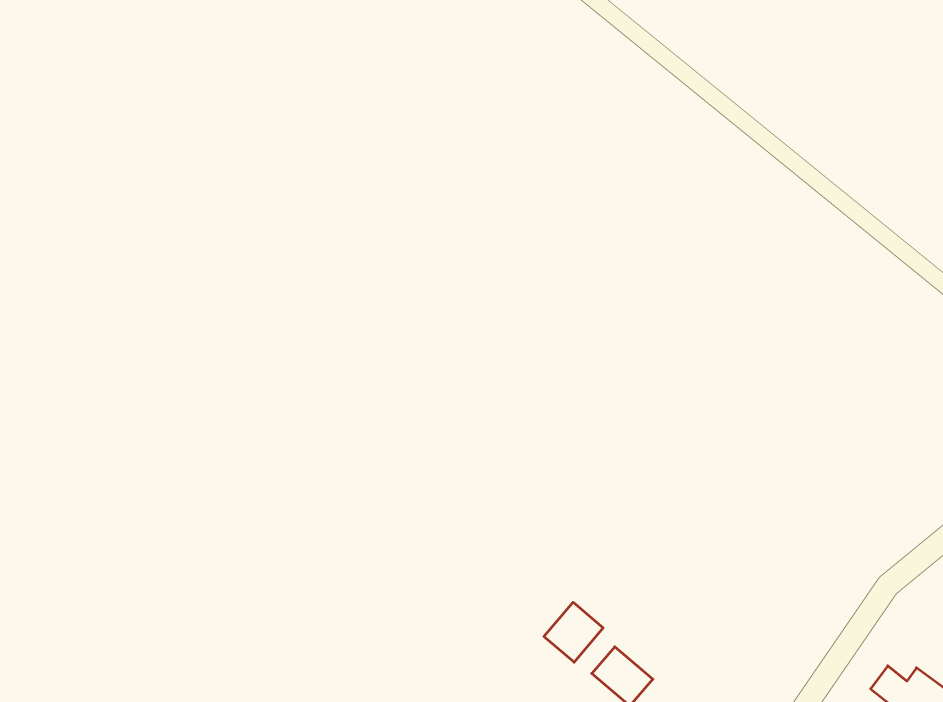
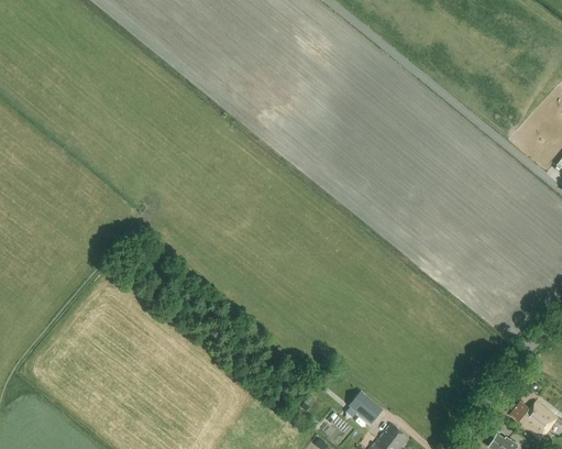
building: [544,602,603,662] -> none

